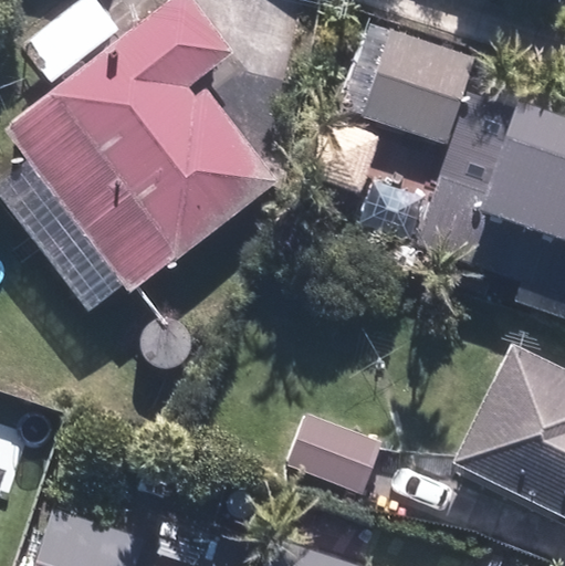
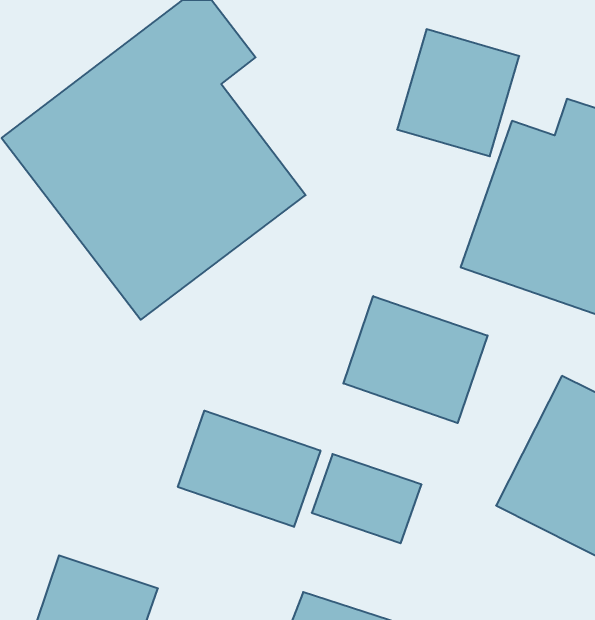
building: none -> [343,296,488,423]
building: none -> [178,411,320,527]

